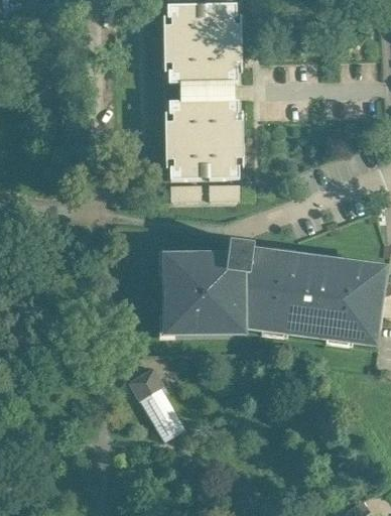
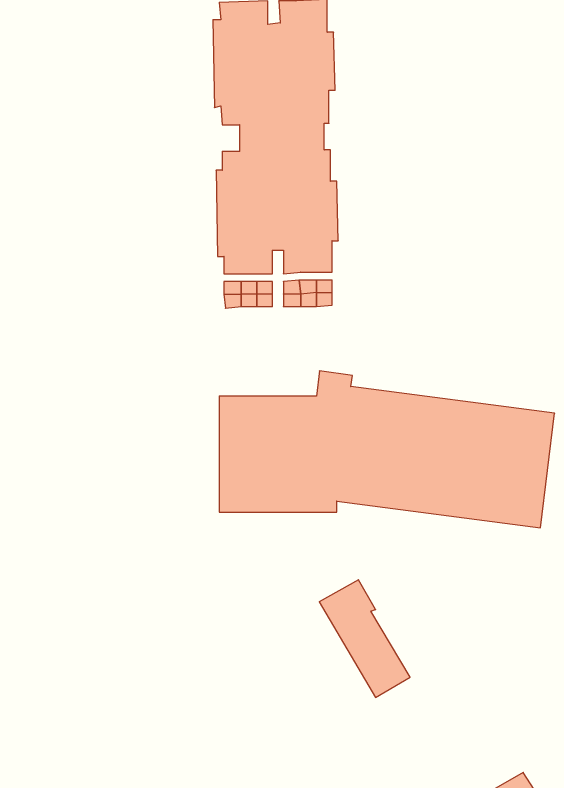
building: [128,366,186,441] -> [319,580,410,697]

